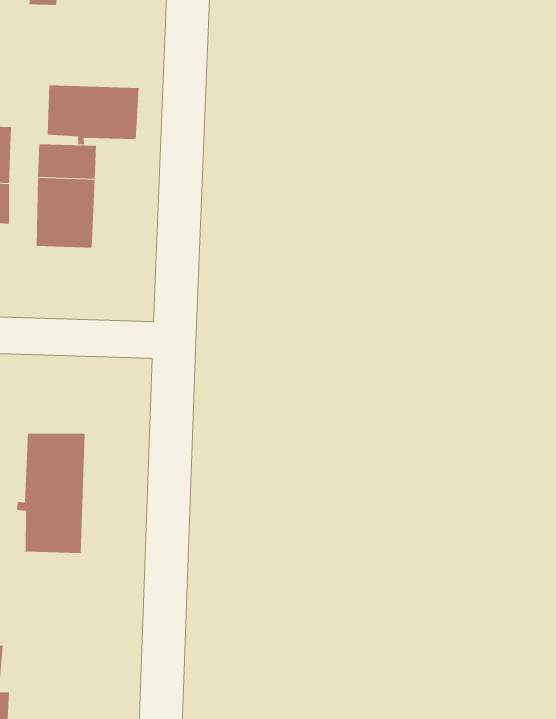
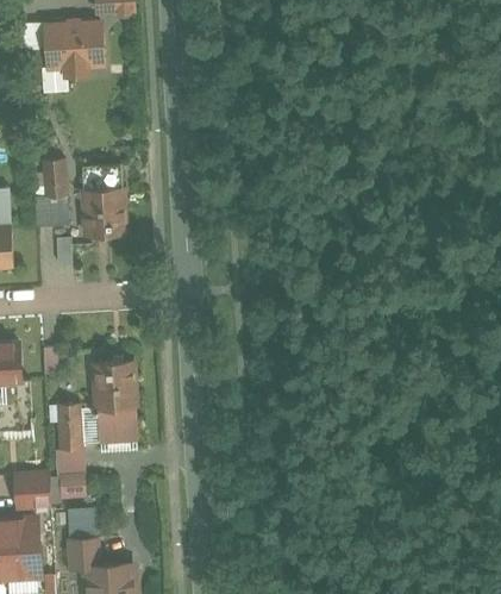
building: [47,85,139,145] -> none

